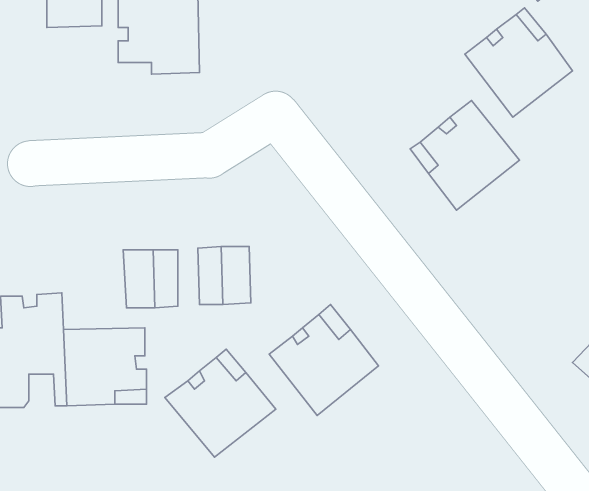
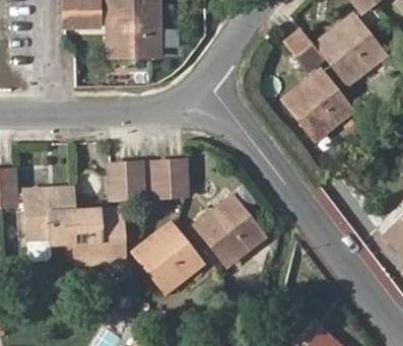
building: none -> [282,27,325,73]

